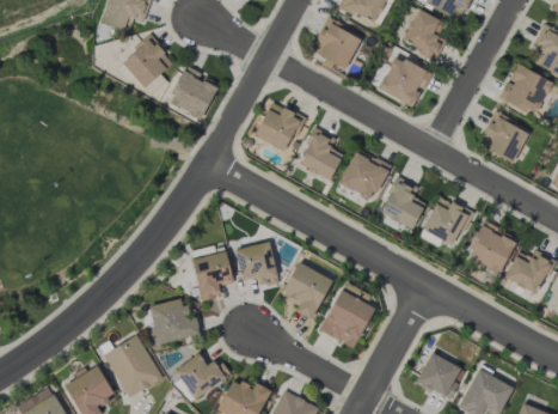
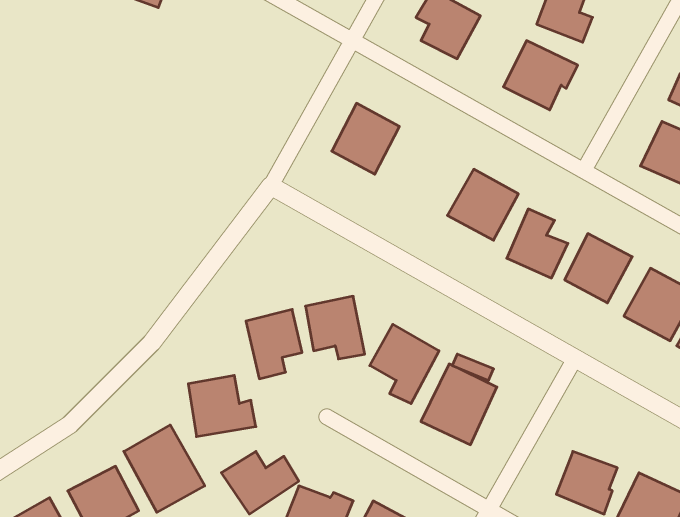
building: [121,36,174,89] -> none
building: [166,67,220,120] -> none
building: [296,128,344,182] -> none

